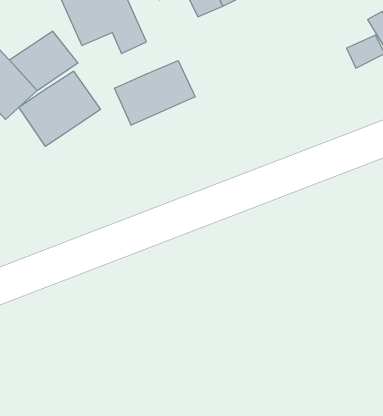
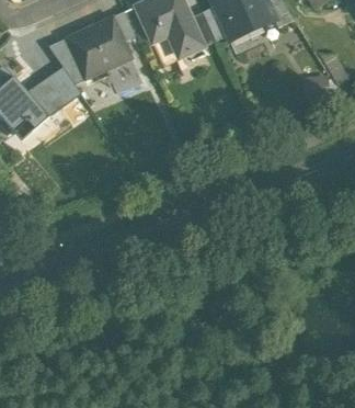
building: [115,61,195,125] -> none
building: [19,71,100,146] -> none

